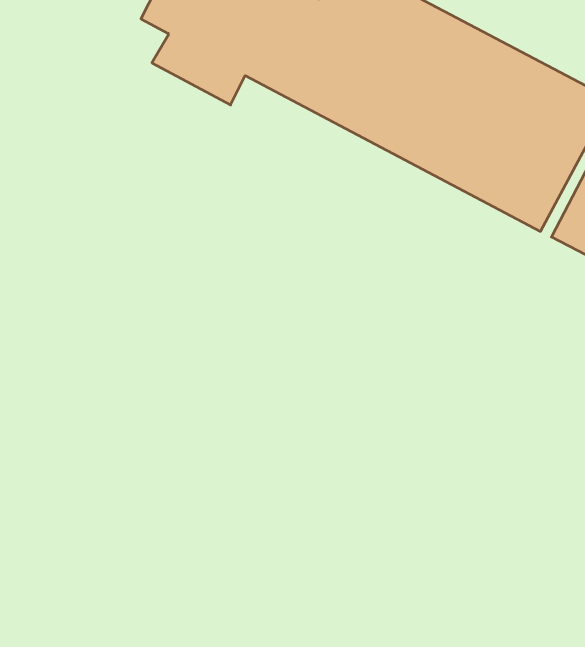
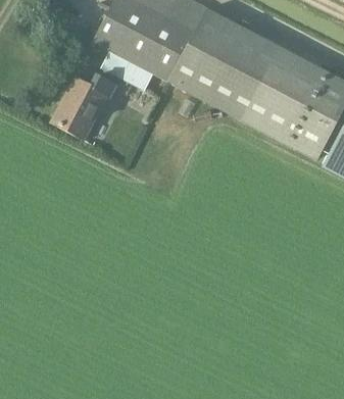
building: none -> [53,74,117,139]

